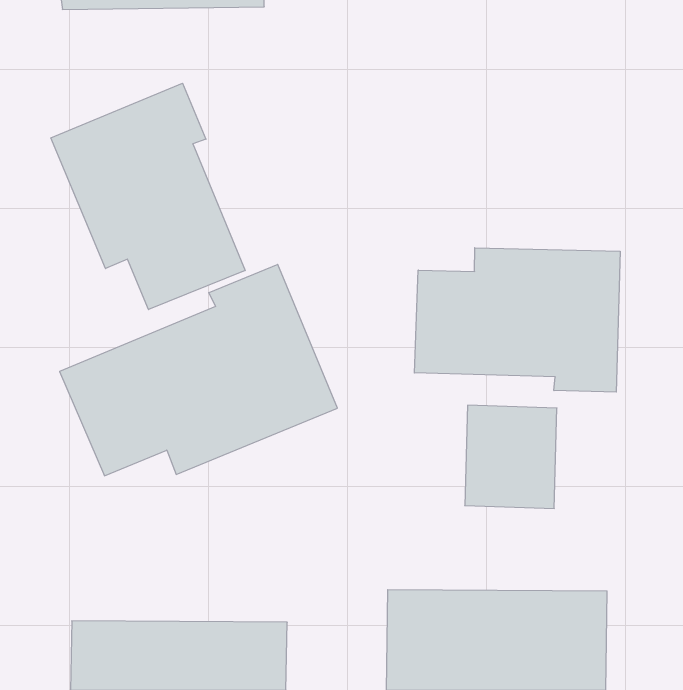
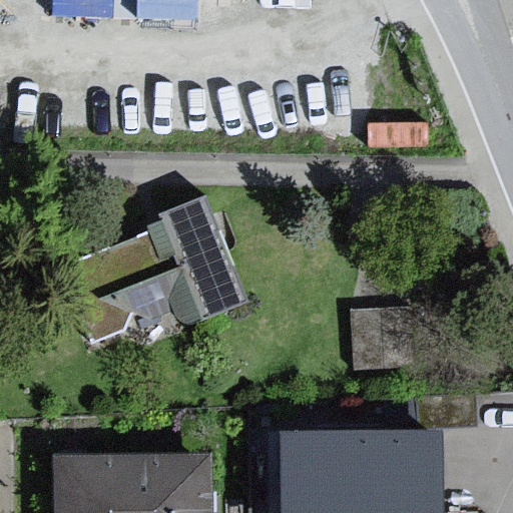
building: [51,83,245,310] -> none
building: [414,248,620,392] -> none

